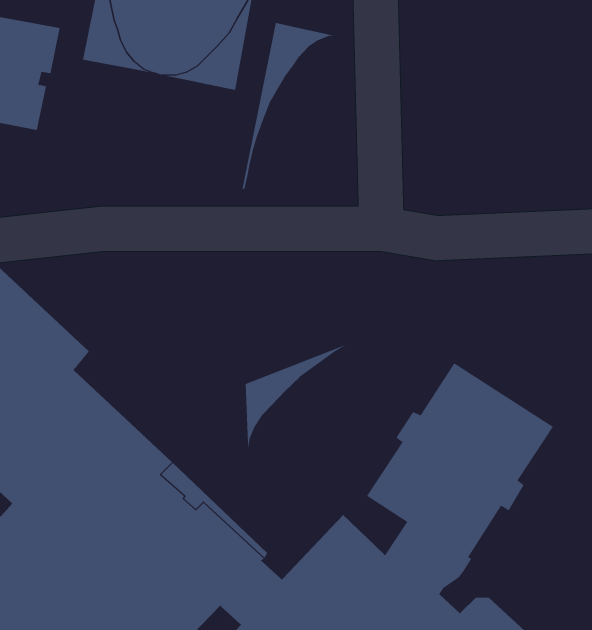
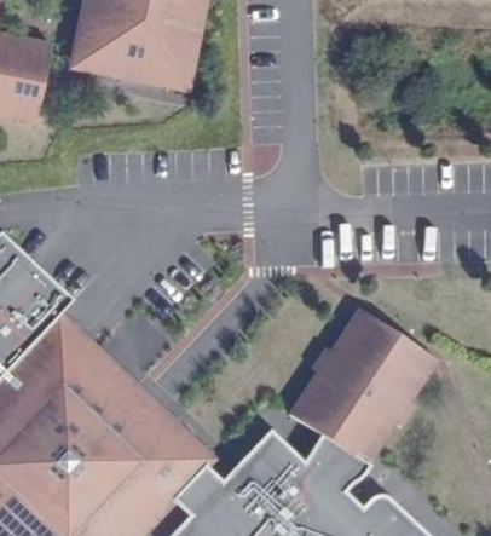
building: [242,22,342,190] -> none
building: [245,341,354,452] -> none

